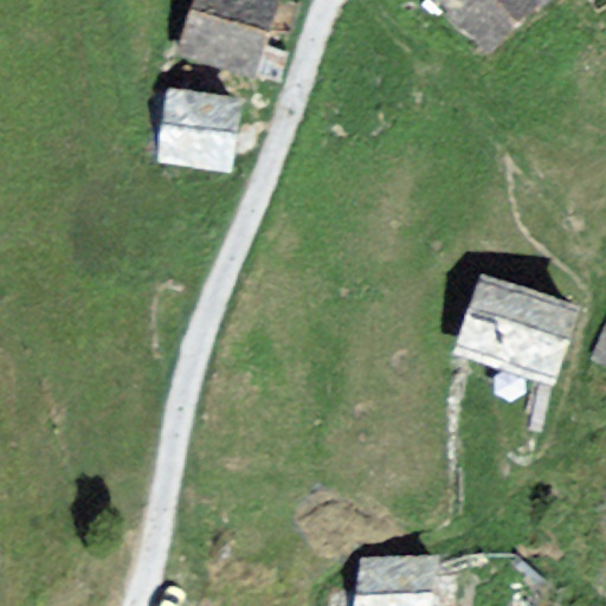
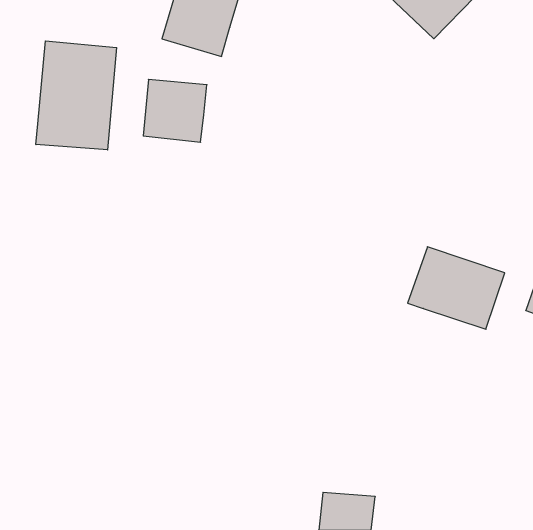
building: none -> [36,41,117,150]

